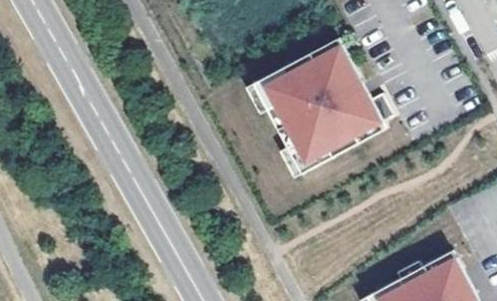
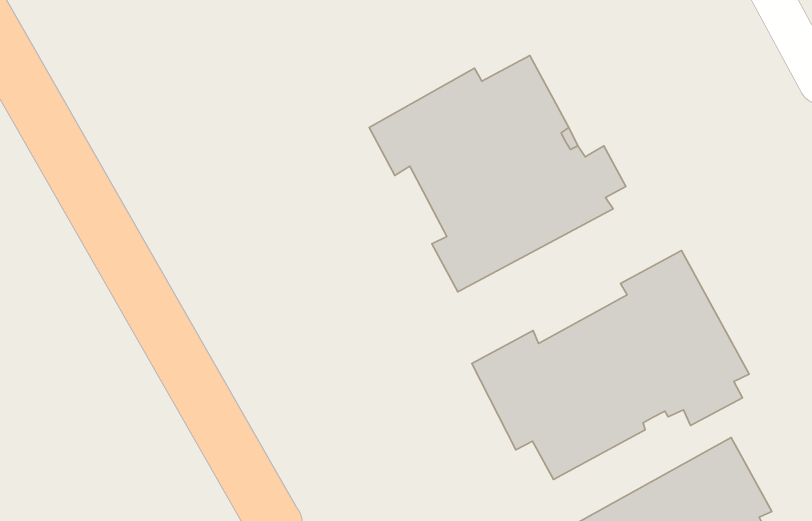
building: none -> [472,250,749,480]

